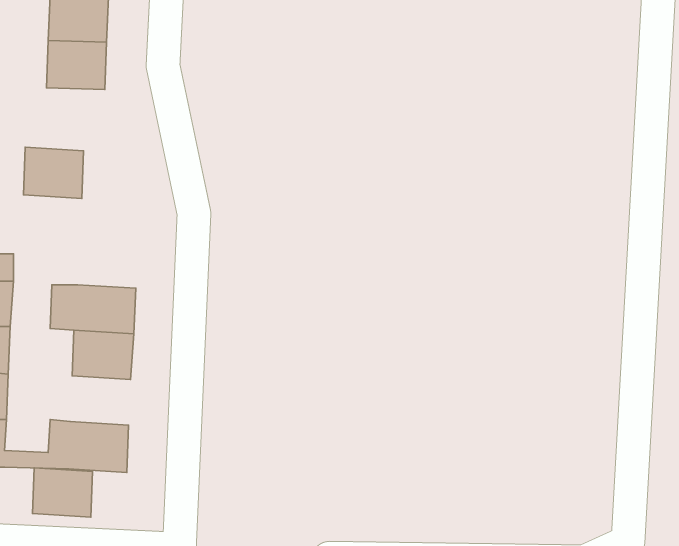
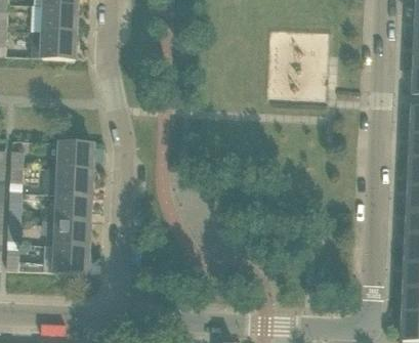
building: [23,147,84,198] -> [58,142,92,171]
building: [32,468,93,517] -> [54,220,88,248]

